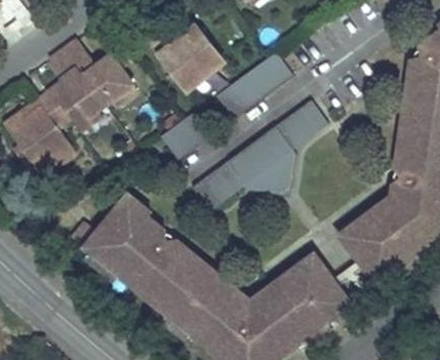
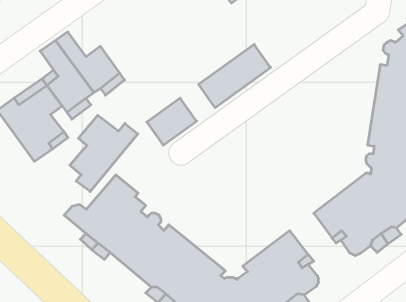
building: [144,18,227,90] -> none
building: [192,98,327,208] -> none
building: none -> [70,115,138,192]

